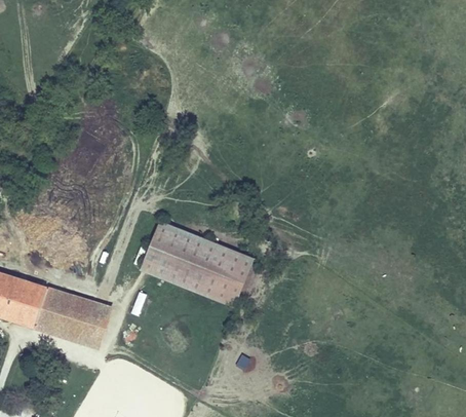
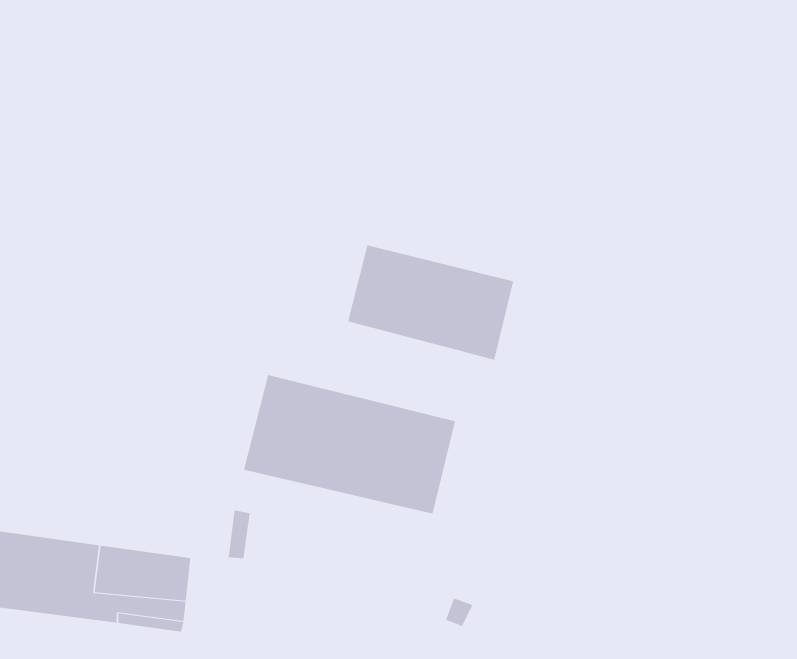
building: none -> [348,244,514,361]

